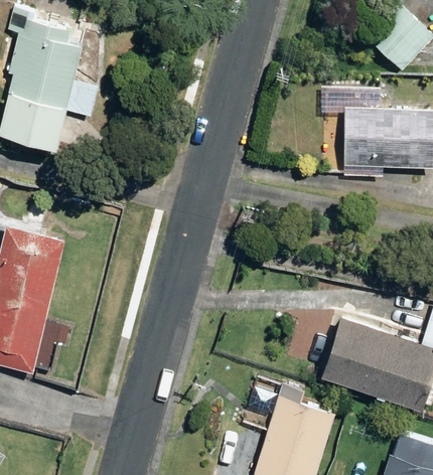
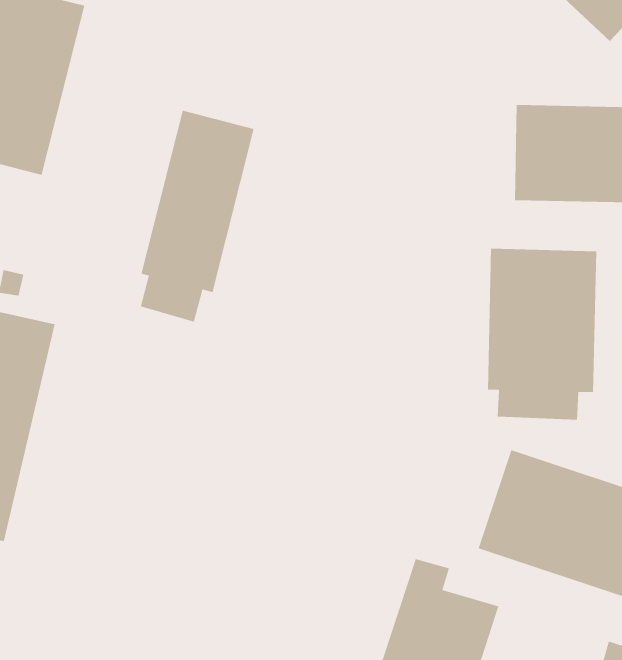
building: none -> [140,110,254,322]
building: none -> [487,248,597,420]

